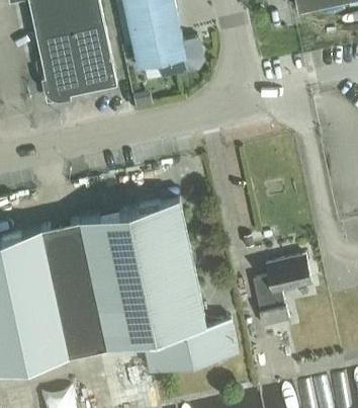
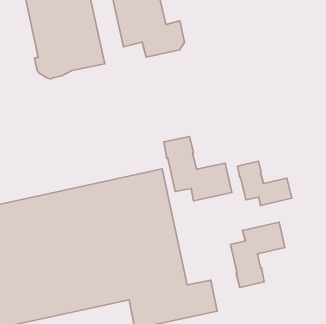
building: none -> [164,136,232,201]
building: none -> [237,161,292,206]

